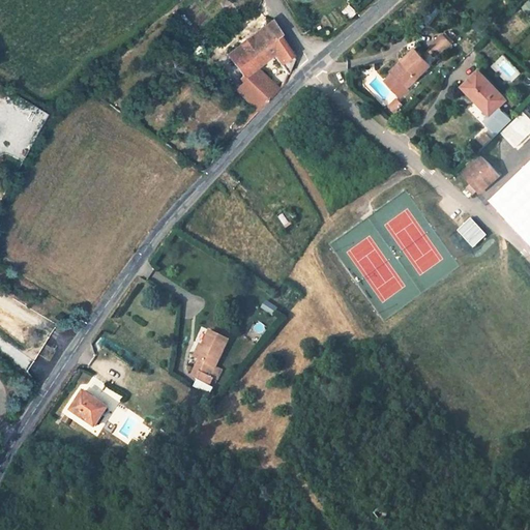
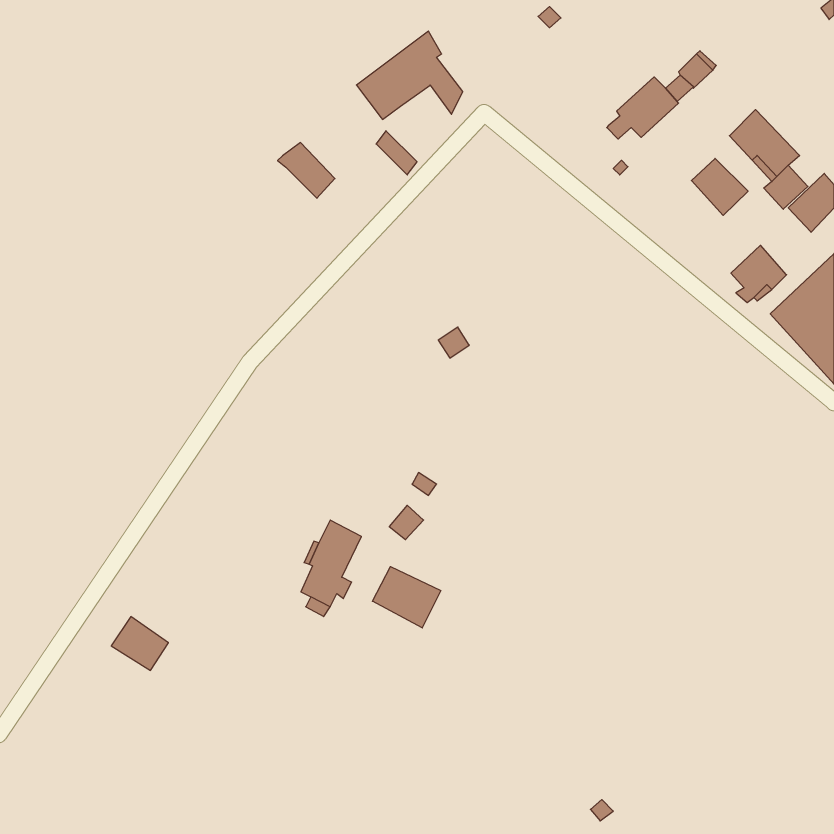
building: [239,67,275,102] -> [278,143,335,198]
building: none -> [691,158,748,215]
building: [457,217,485,246] -> none
building: none -> [372,567,441,628]

